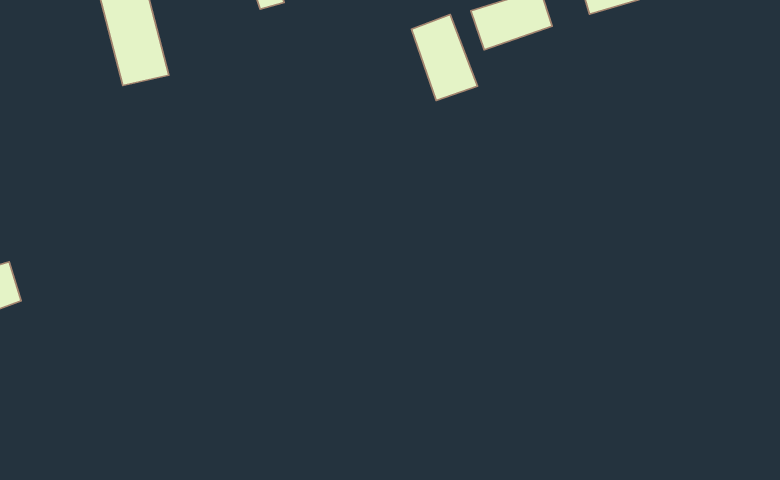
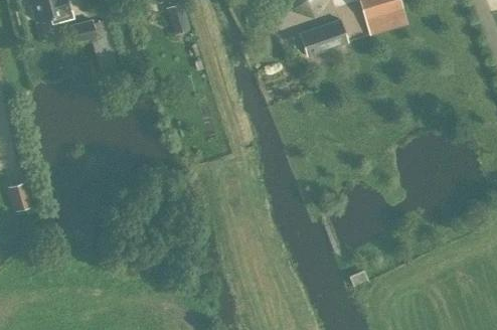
building: [412,14,477,100] -> none

